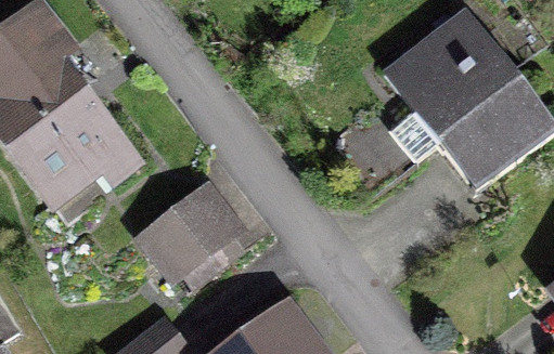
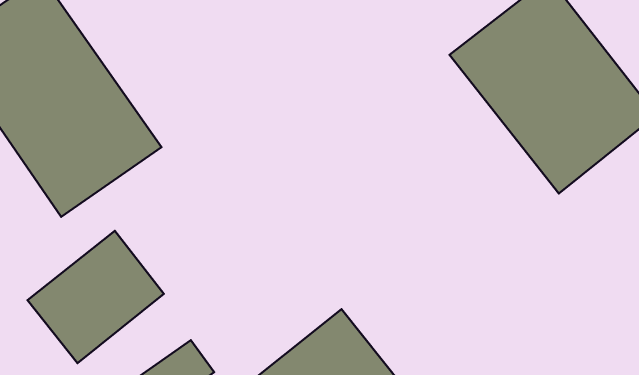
building: [132,188,247,300] -> [27,231,164,363]

